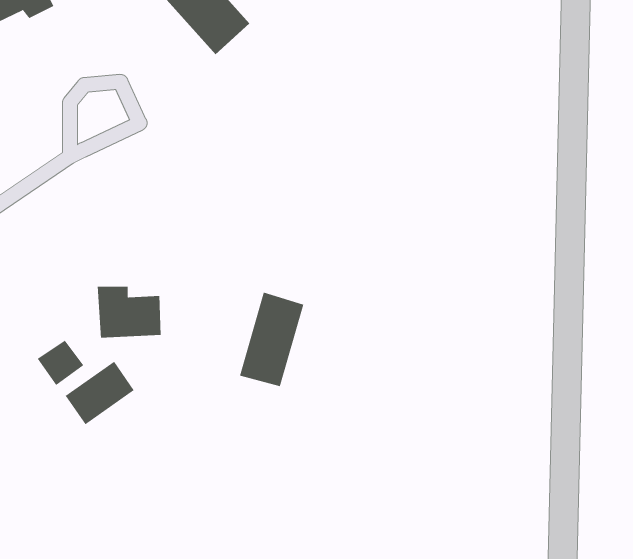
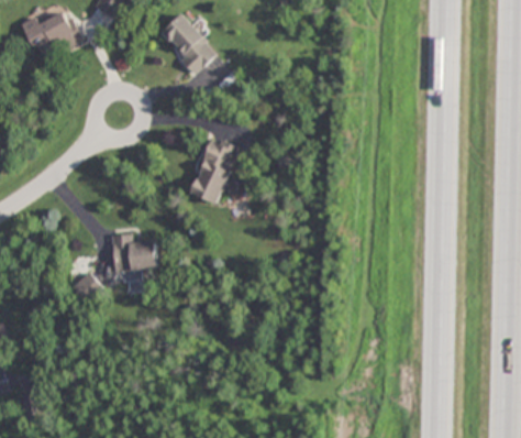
building: [239,292,304,387] -> [189,139,234,205]
building: [65,361,135,425] -> none

